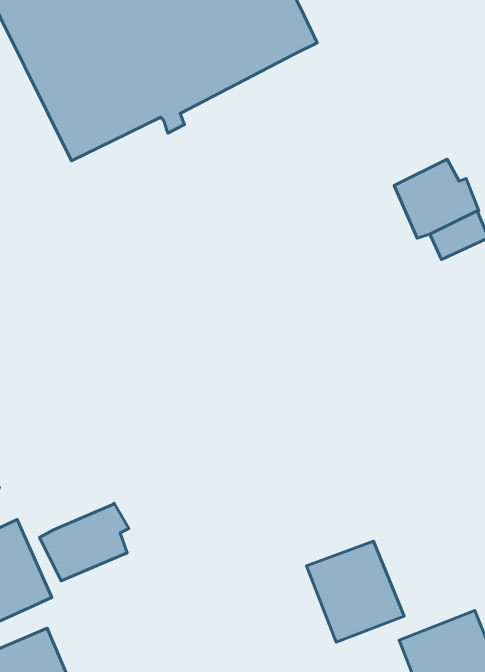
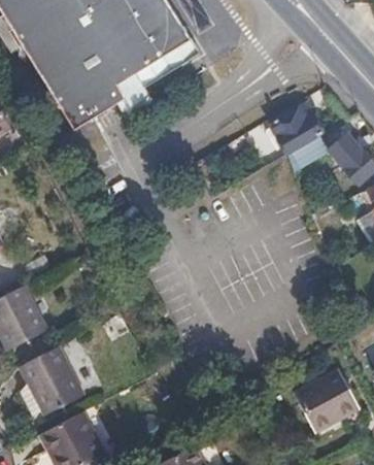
building: [40,503,129,581] -> none
building: [307,541,404,642] -> none

